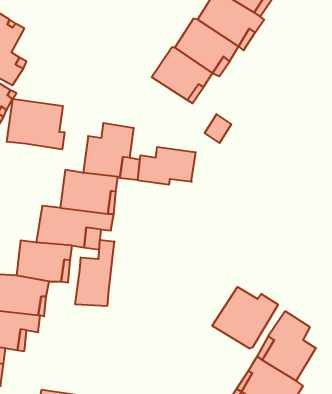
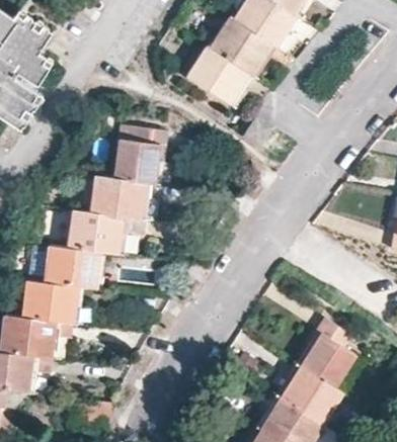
building: [7,99,65,149] -> none
building: [138,147,196,185] -> none
building: [75,240,114,306] -> none
building: [212,287,278,349] -> none

